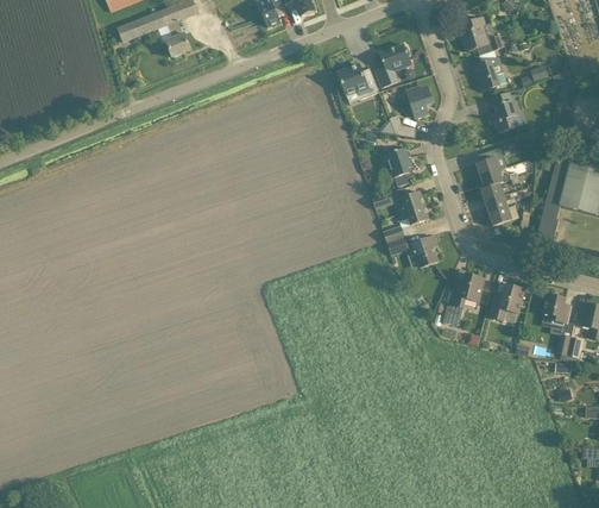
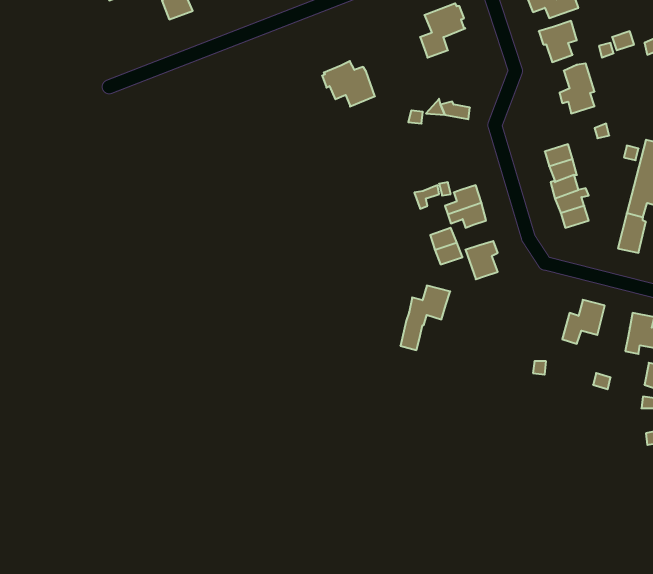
building: [336,63,379,100] -> [322,61,375,107]
building: [406,86,434,118] -> none
building: [384,148,414,186] -> none
building: [444,274,485,326] -> [400,286,450,350]

